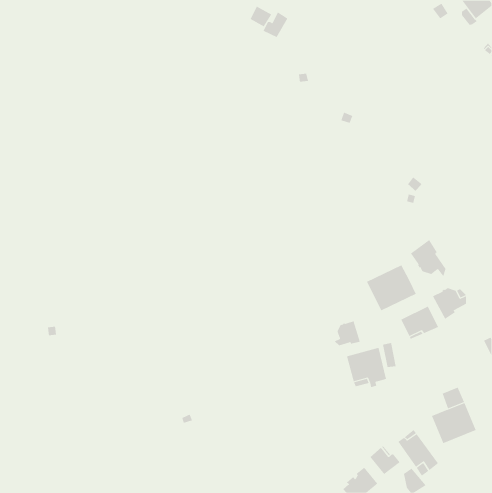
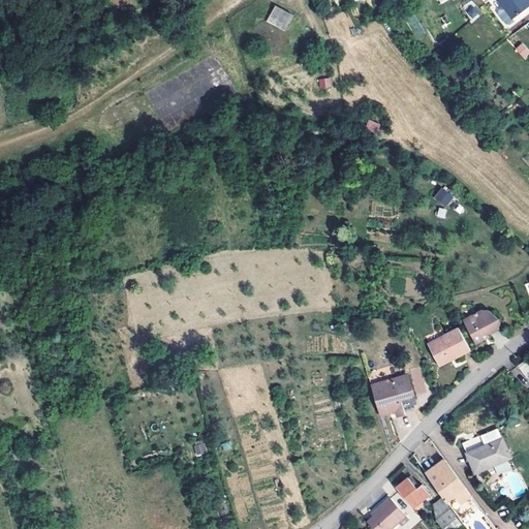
building: [263,12,288,38] -> none
building: [410,239,446,277] -> none
building: [366,264,416,311] -> none
building: [334,320,361,346] -> none

